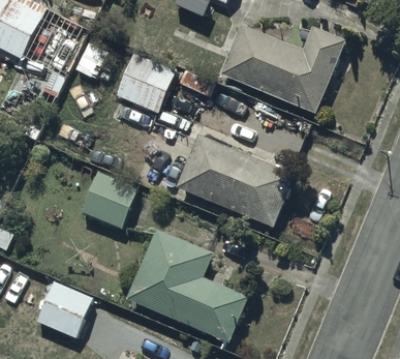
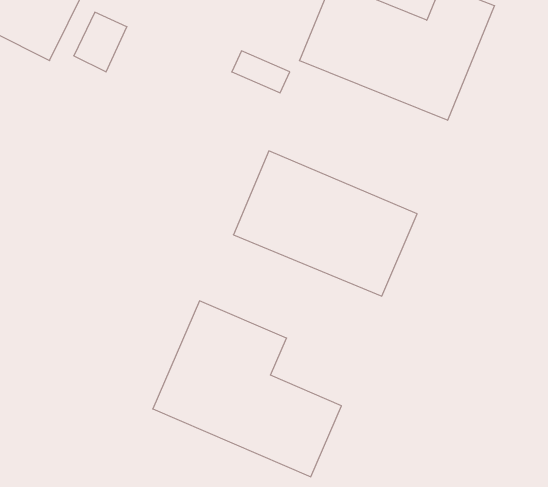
building: [115,54,174,113] -> none
building: [81,171,136,229] -> none
building: [35,281,91,337] -> none

